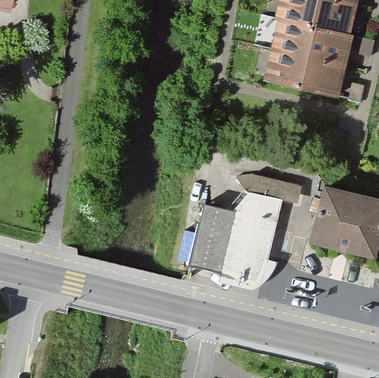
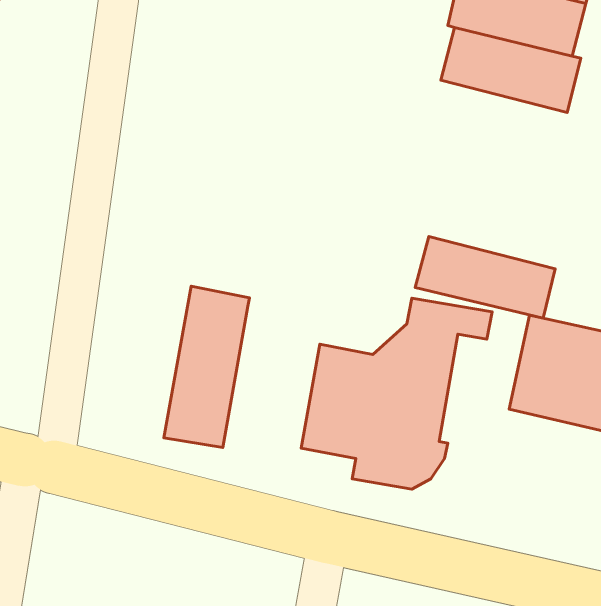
building: [264,48,346,96] -> [415,236,555,318]
building: none -> [164,286,249,447]

